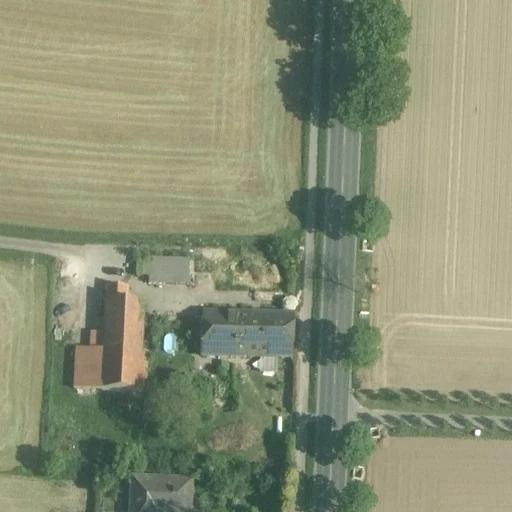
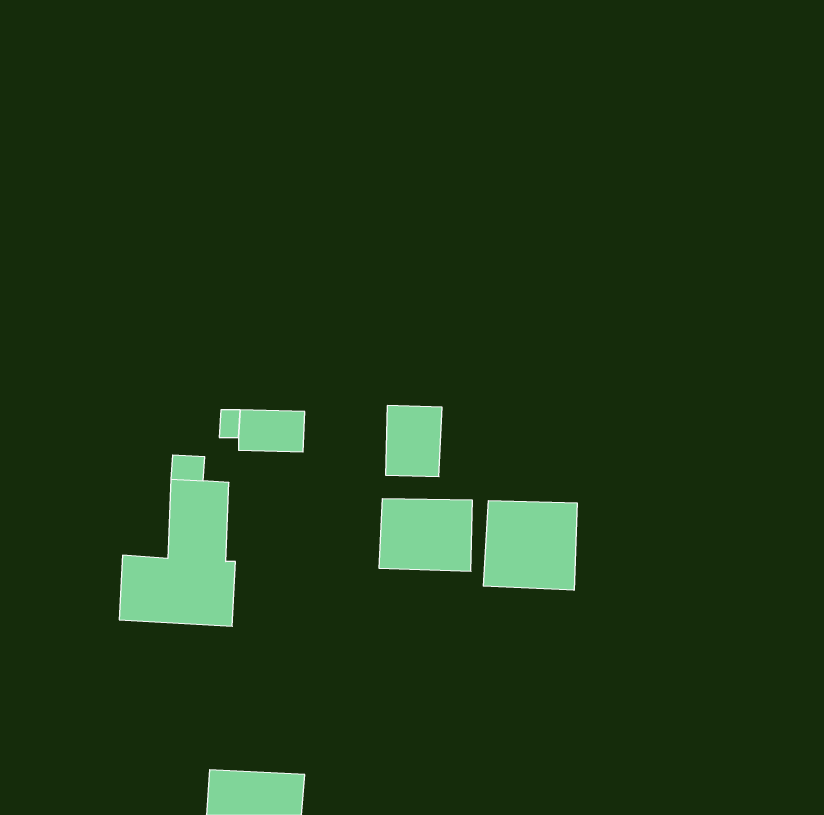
building: [202,308,237,352] -> [386,406,442,477]
building: none -> [483,501,577,590]

